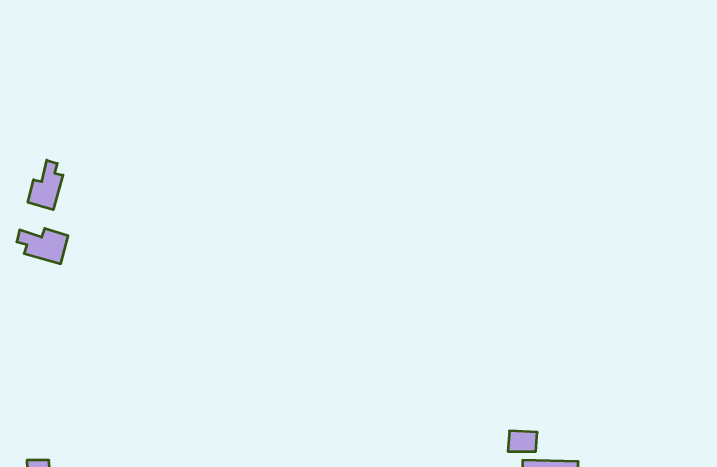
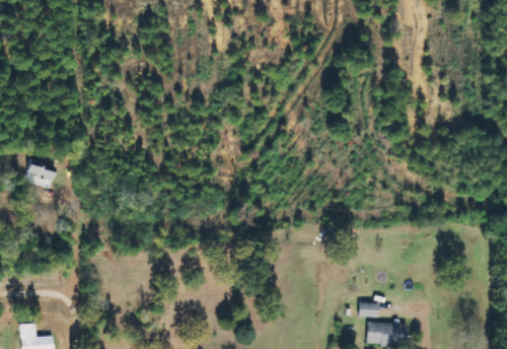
building: [28,160,63,210] -> none

